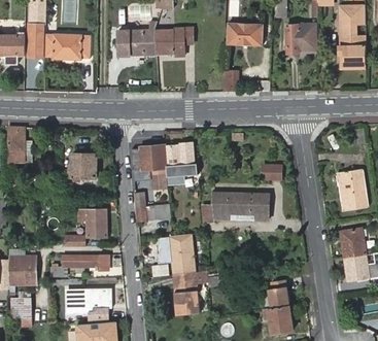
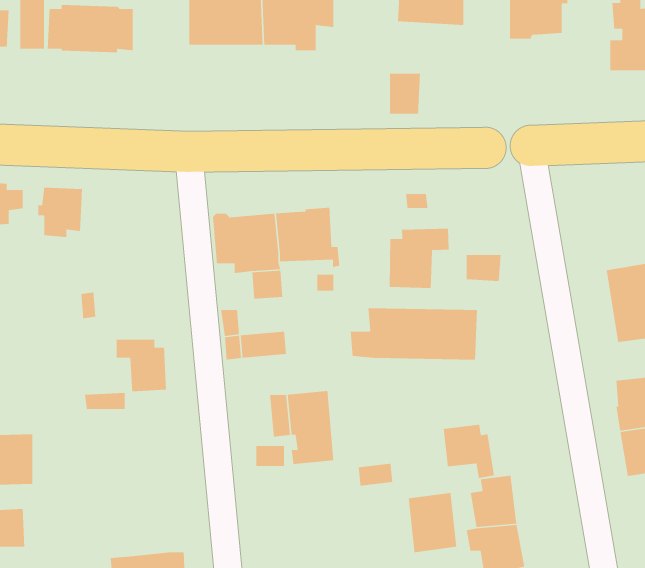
building: none -> [389,228,449,289]
building: [70,154,94,180] -> [38,187,83,238]
building: none -> [443,424,495,479]
building: [50,254,108,276] -> none
building: [174,284,200,316] -> [408,492,457,553]
building: [63,285,110,322] -> none

